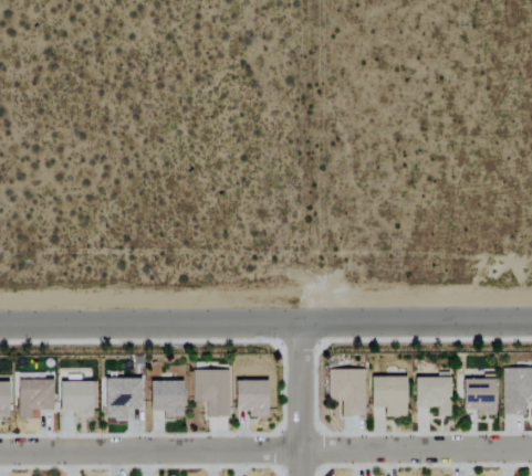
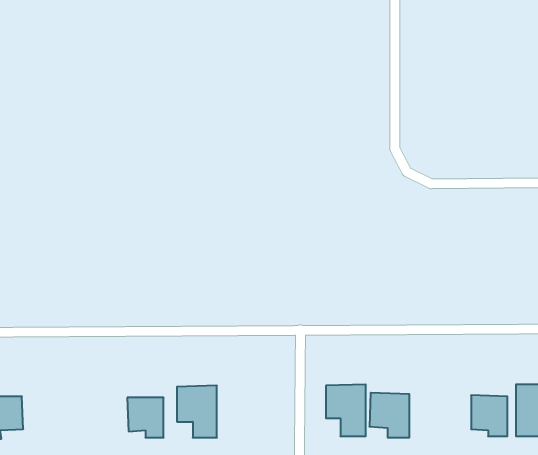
building: [106,378,144,419] -> none
building: [416,378,453,416] -> none
building: [236,380,270,417] -> none
building: [61,381,95,419] -> none

